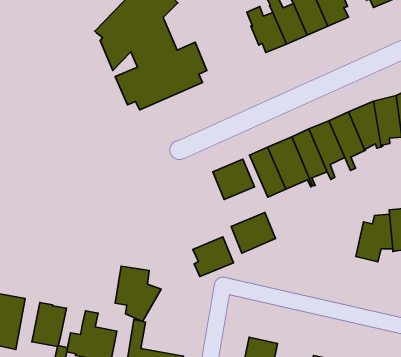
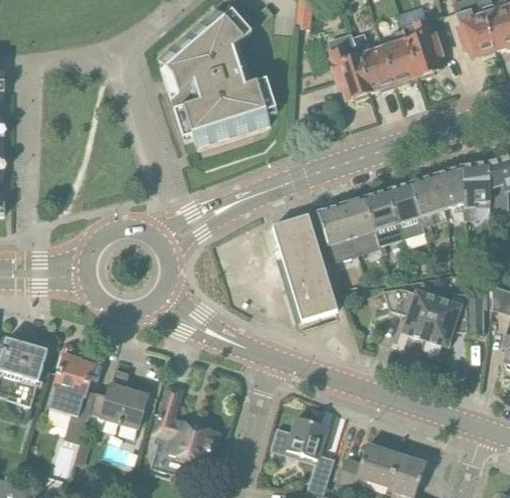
building: none -> [383,288,438,337]
building: [193,237,233,277] -> [284,247,328,290]
building: [115,266,161,321] -> none

